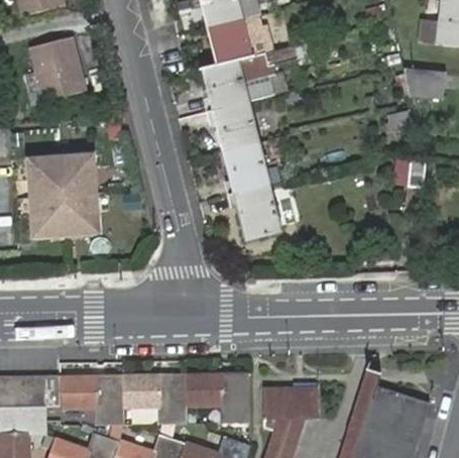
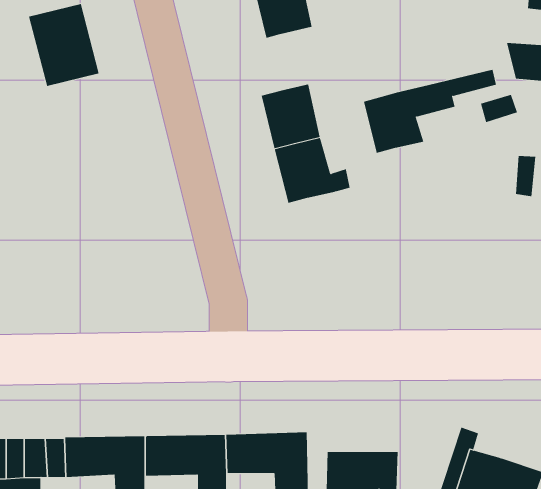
building: [203,44,307,110] -> [363,69,497,154]
building: [27,157,96,237] -> none
building: [234,185,282,240] -> none

